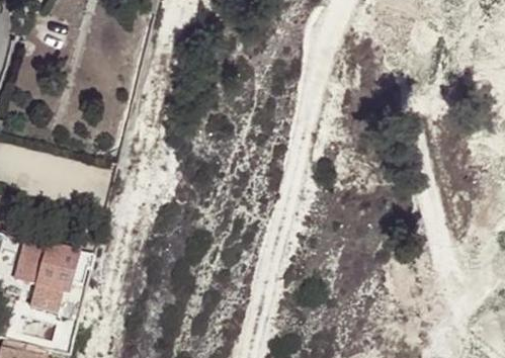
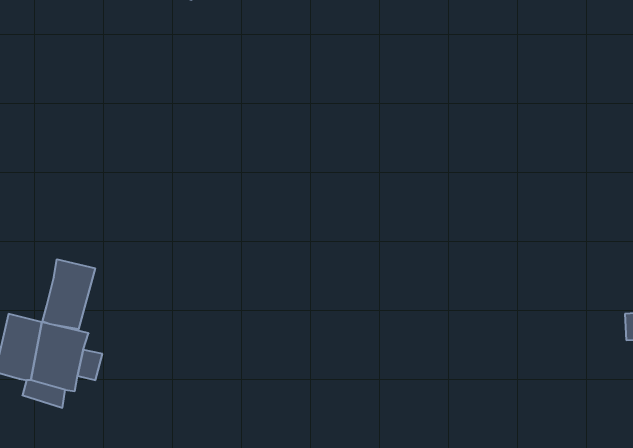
building: none -> [42,259,95,329]

